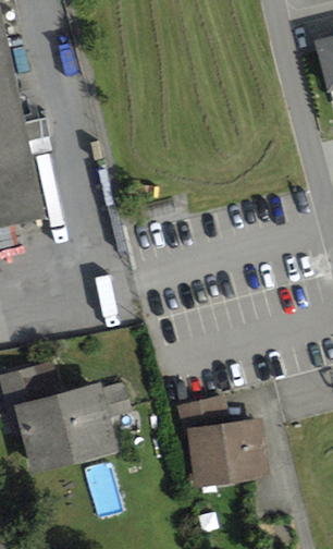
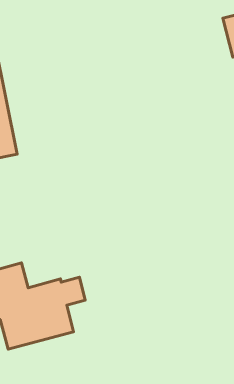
building: [176,393,270,488] -> none

